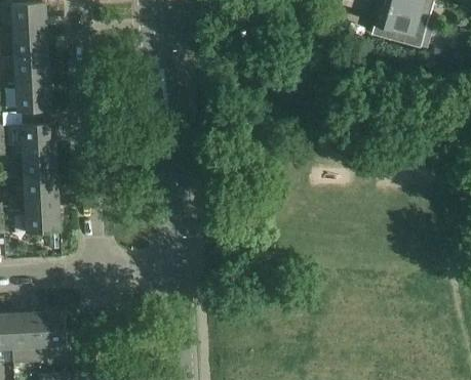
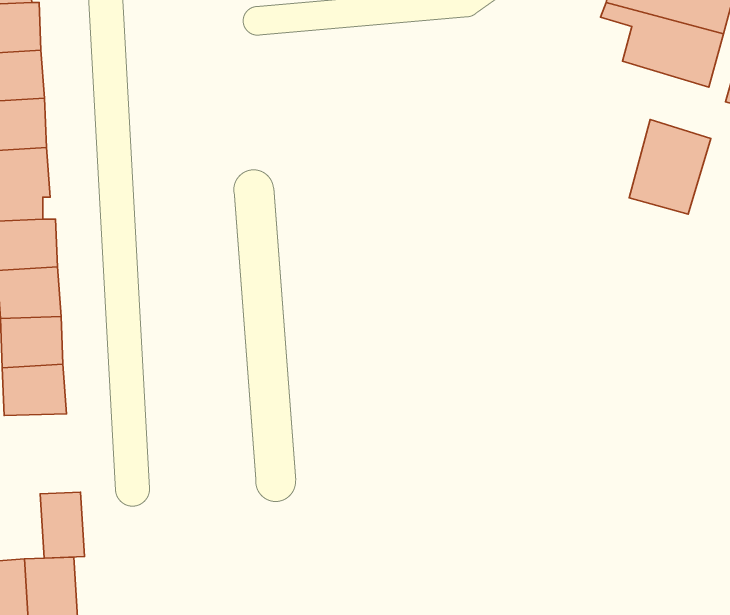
building: none -> [629,119,711,214]
building: none -> [40,492,84,558]

